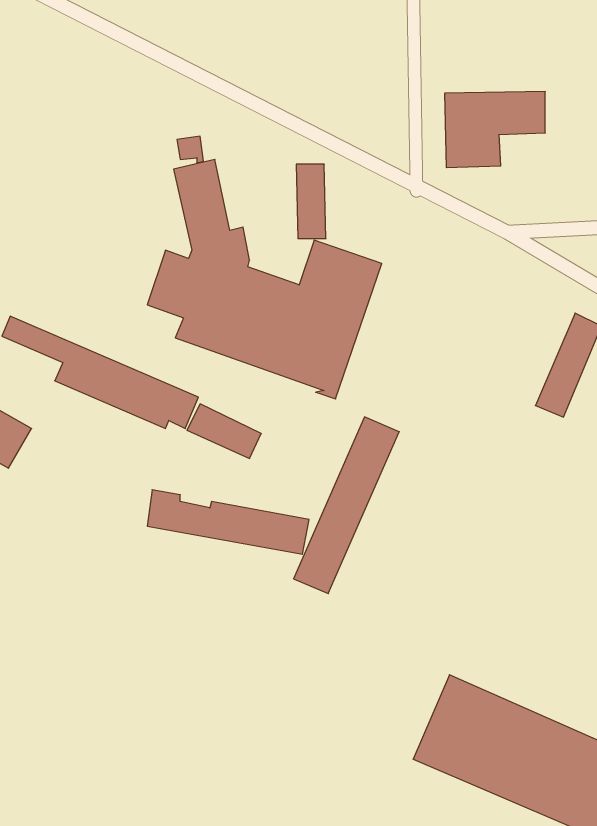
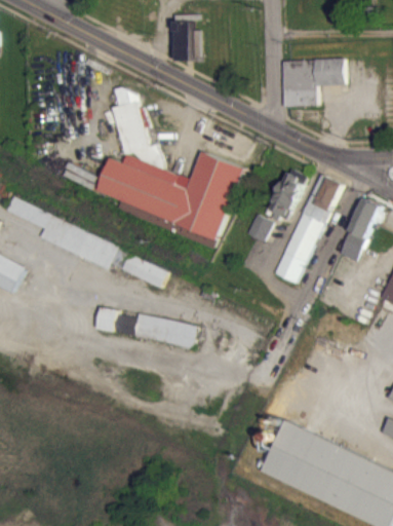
building: [296,164,326,239] -> [173,14,192,61]
building: none -> [268,167,306,222]
building: none -> [245,214,271,240]
building: [294,417,399,594] -> [274,174,340,284]

